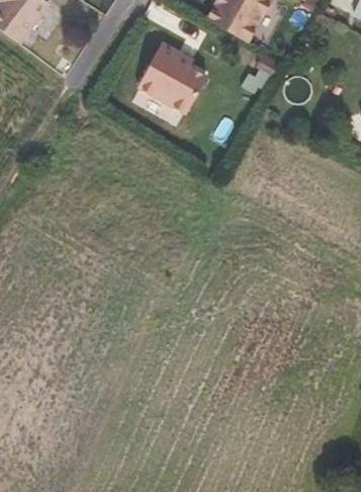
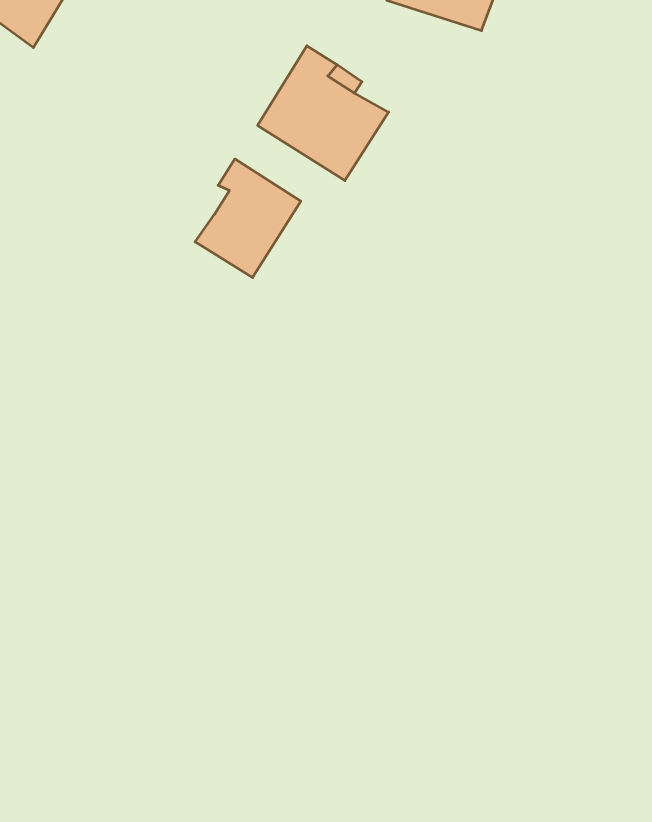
building: none -> [195,159,301,278]

